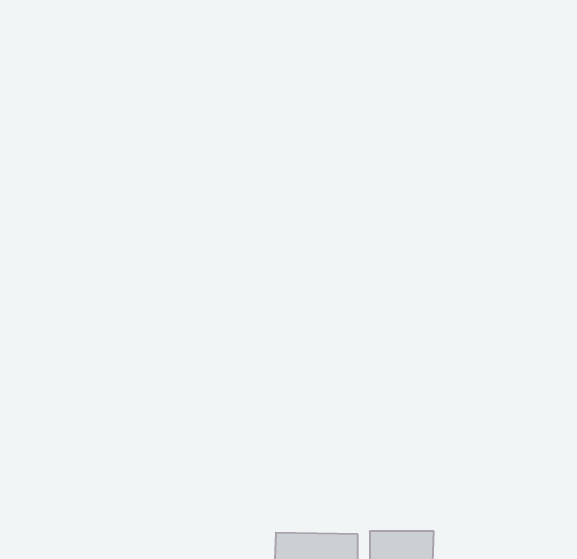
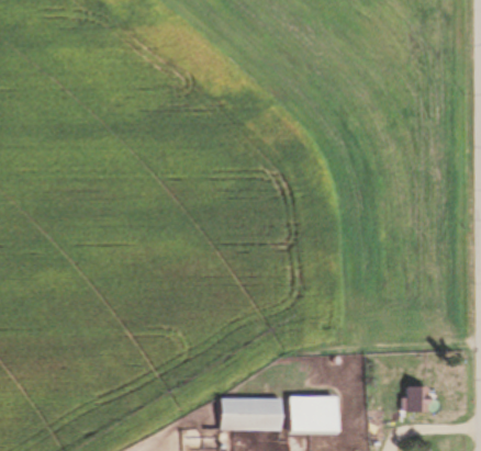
building: none -> [402,386,428,411]

